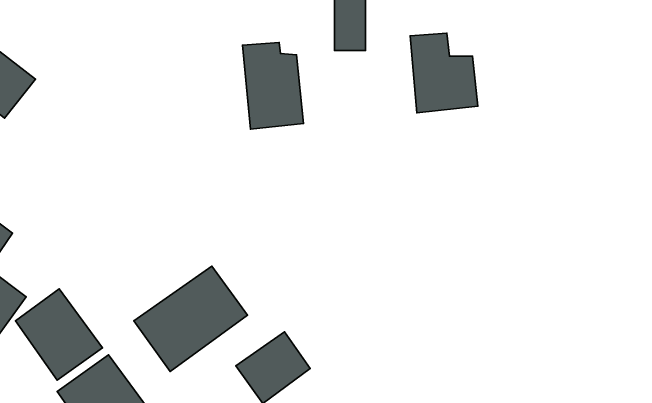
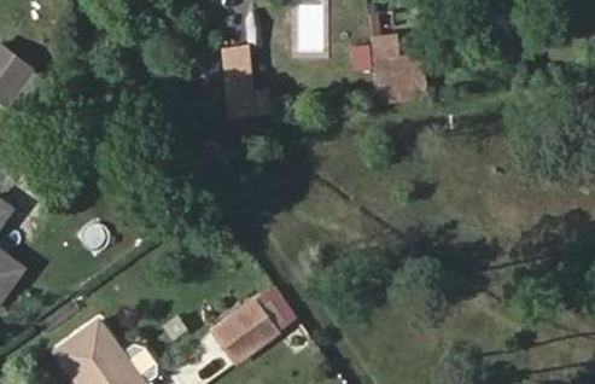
building: [134,266,247,372] -> none
building: [15,289,102,380] -> none

